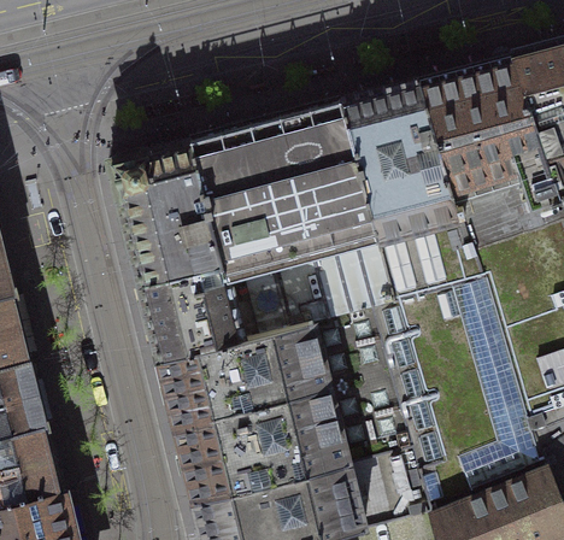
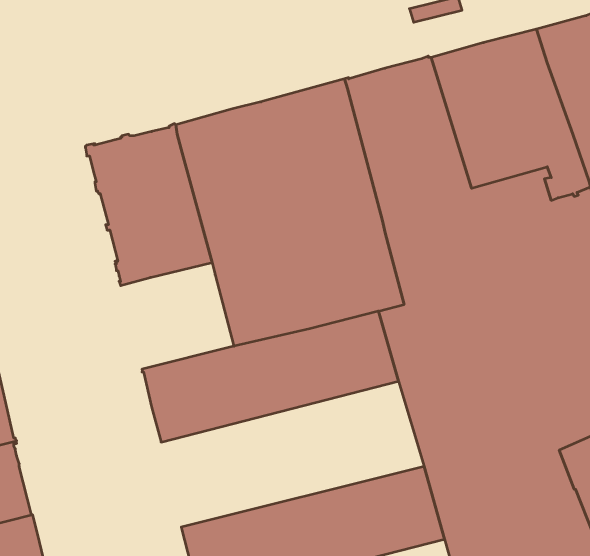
building: [141,269,242,364] -> none
building: [177,375,412,505] -> none

